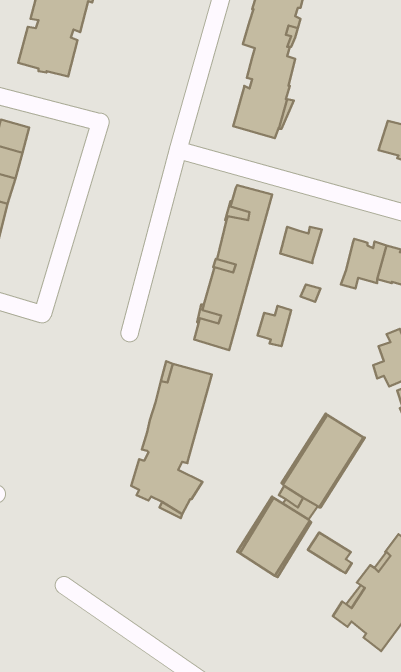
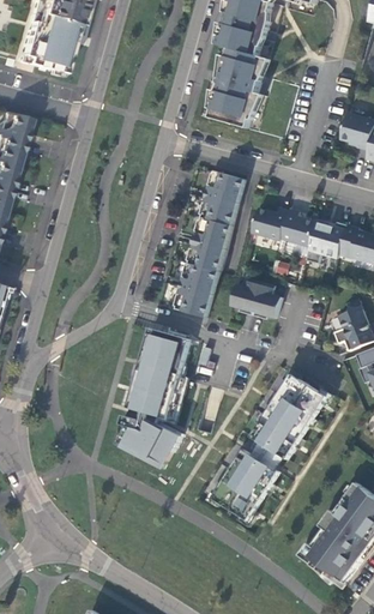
building: none -> [283,209,319,246]
building: none -> [255,282,284,318]
building: [308,532,352,573] -> none

